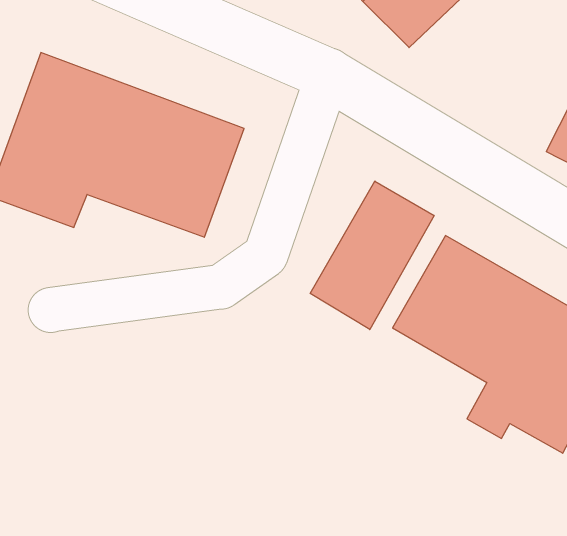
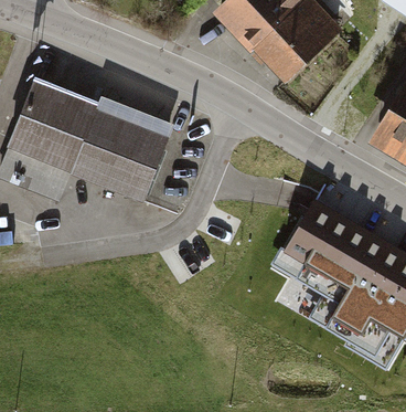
building: [310,181,434,330] -> none

